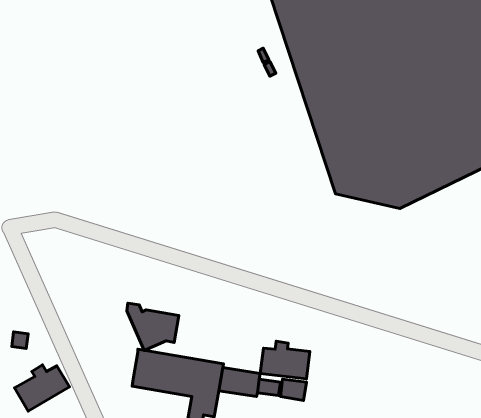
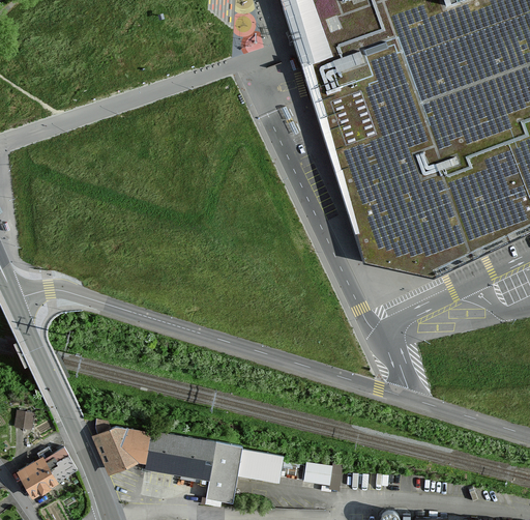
building: [127,303,179,350] -> [96,418,152,469]
building: [260,341,310,379] -> none

